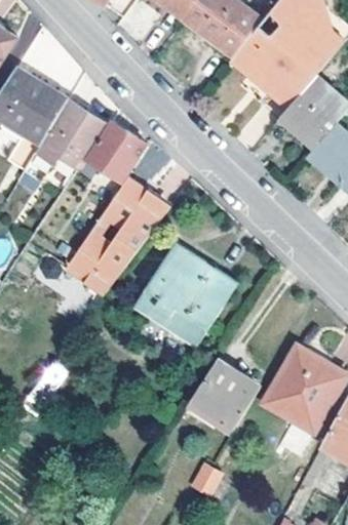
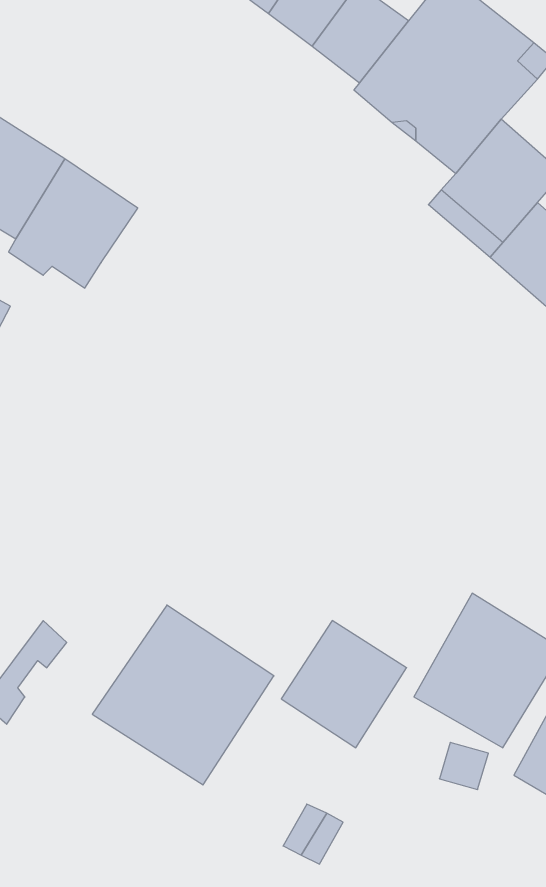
building: [87,120,146,179] -> none
building: [68,178,168,292] -> none
building: [133,244,236,346] -> [92,605,274,785]

